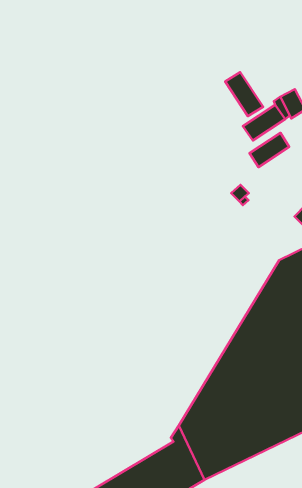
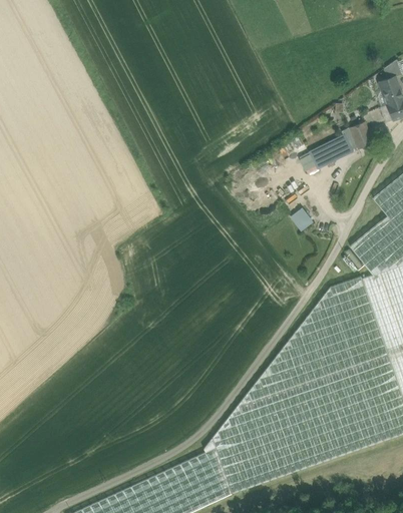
building: [225,72,263,116] -> none
building: [250,133,289,167] -> none

